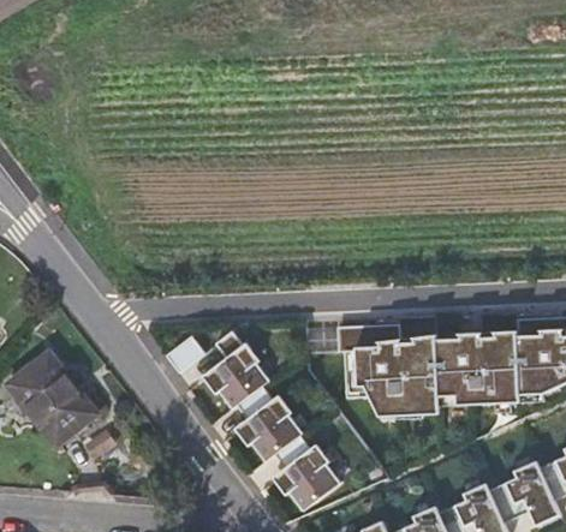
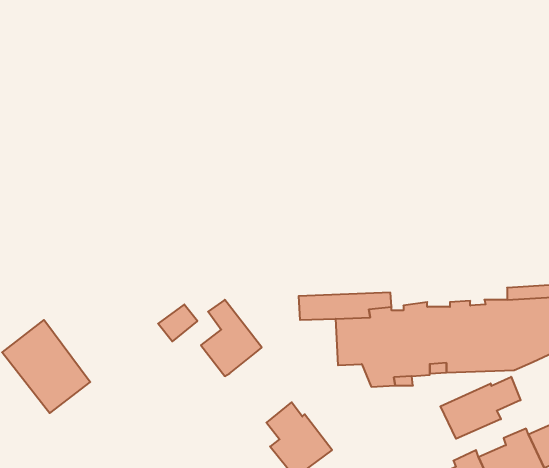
building: [238,385,304,462] -> none
building: none -> [440,377,521,439]

